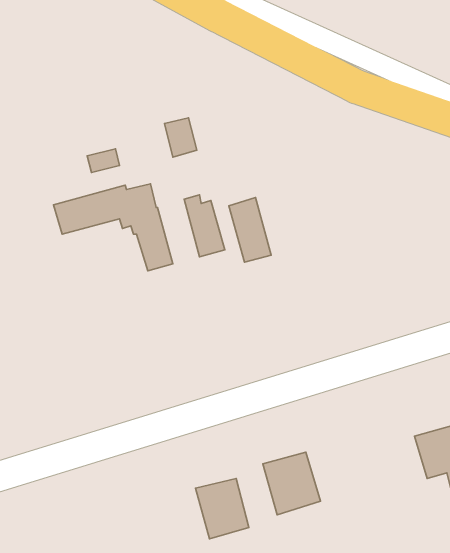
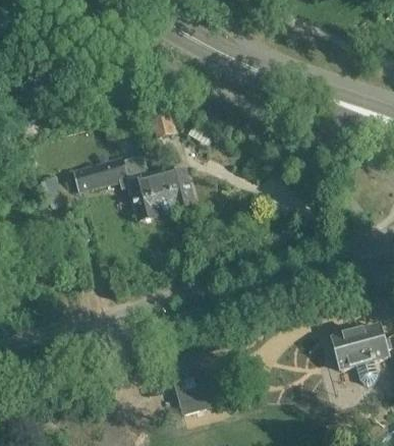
building: [229,197,271,262] -> [147,167,177,214]
building: [263,452,321,515] -> none

